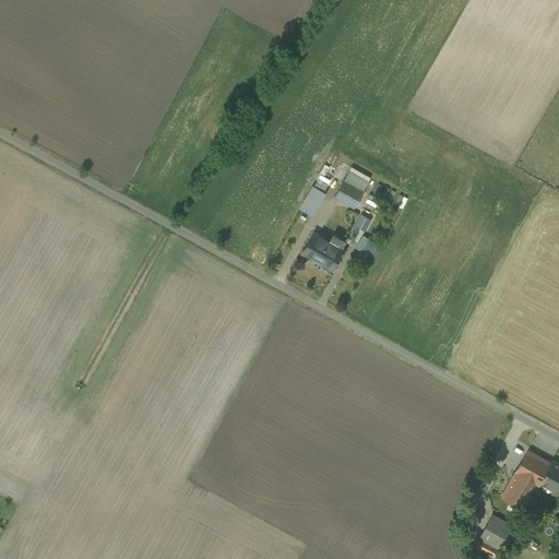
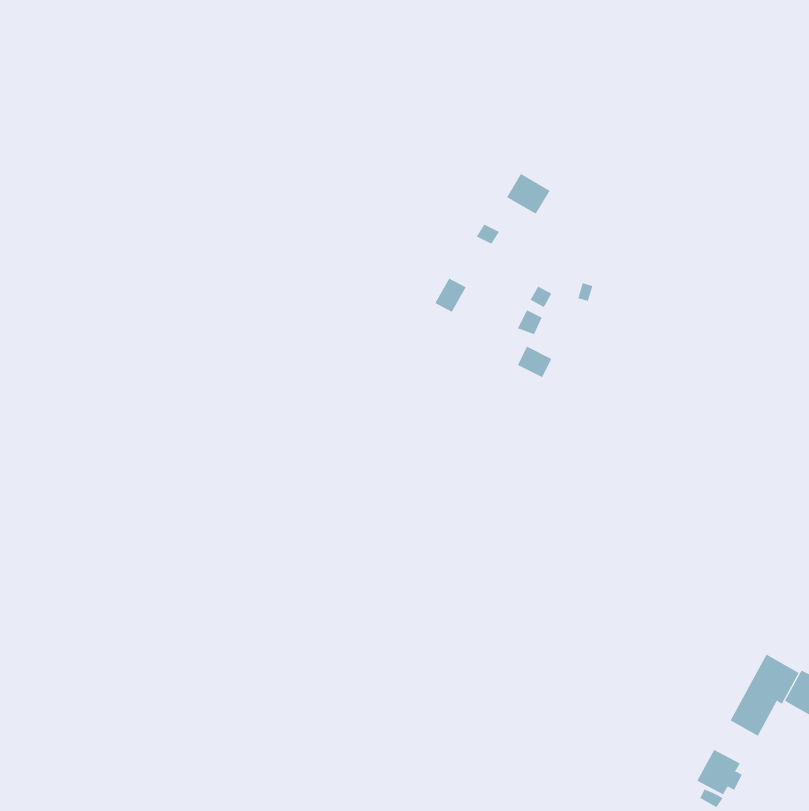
building: [334,179,365,207] -> [506,173,551,214]
building: [302,231,343,270] -> none

